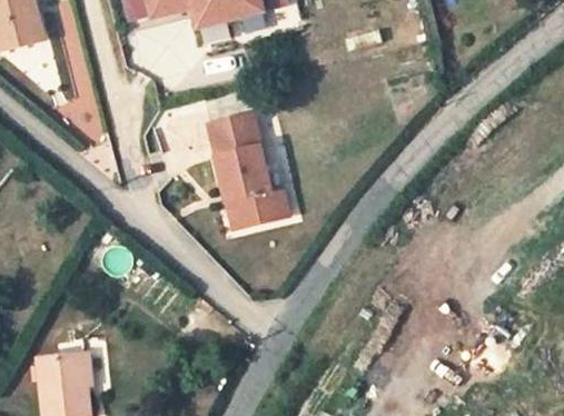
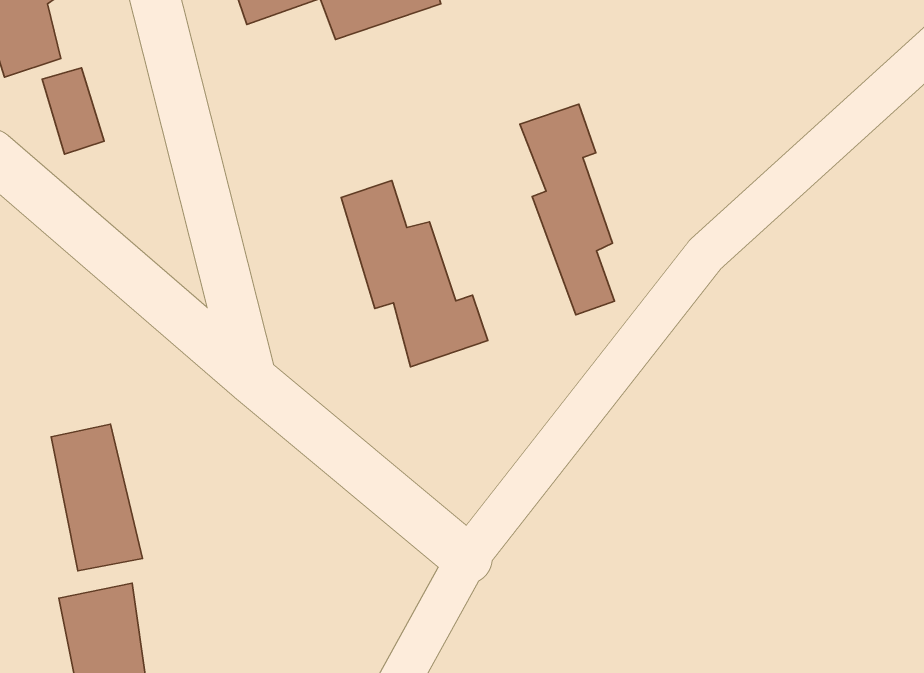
building: none -> [520,104,614,315]
building: none -> [51,424,143,571]

